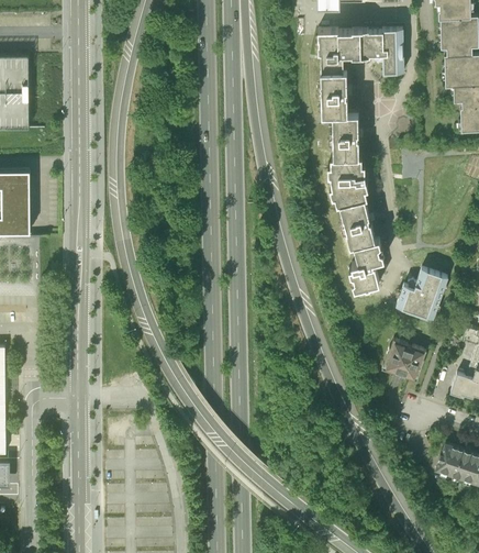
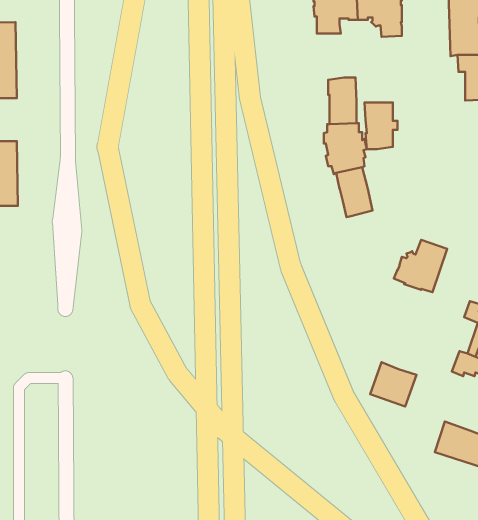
building: [319,68,350,113] -> [364,103,397,149]
building: [347,239,383,291] -> none
building: [382,341,427,384] -> [370,362,416,407]

